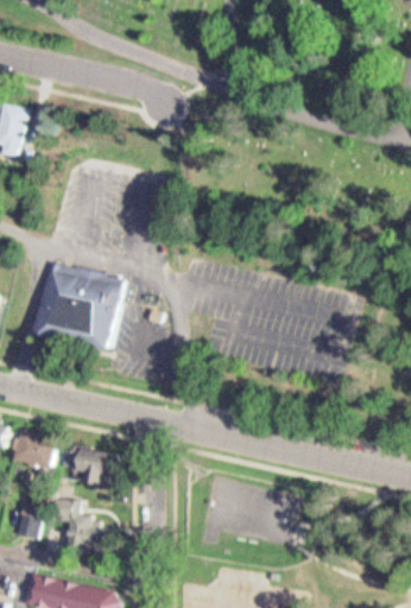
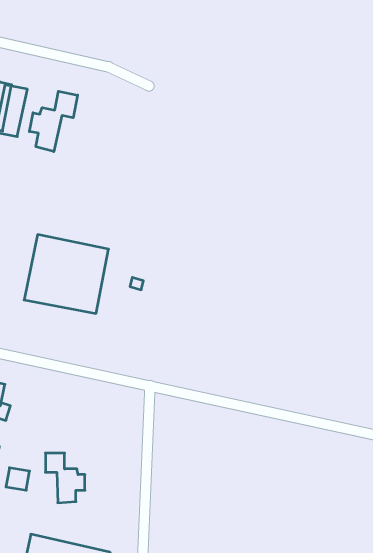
building: none -> [29,91,78,152]
building: [15,425,57,462] -> none
building: [62,442,109,482] -> none

